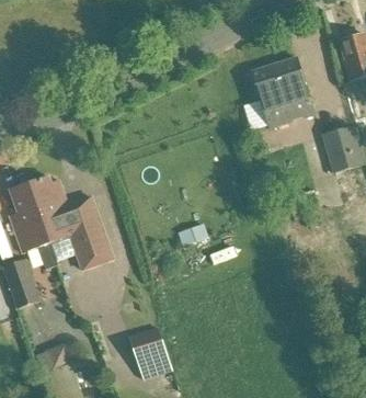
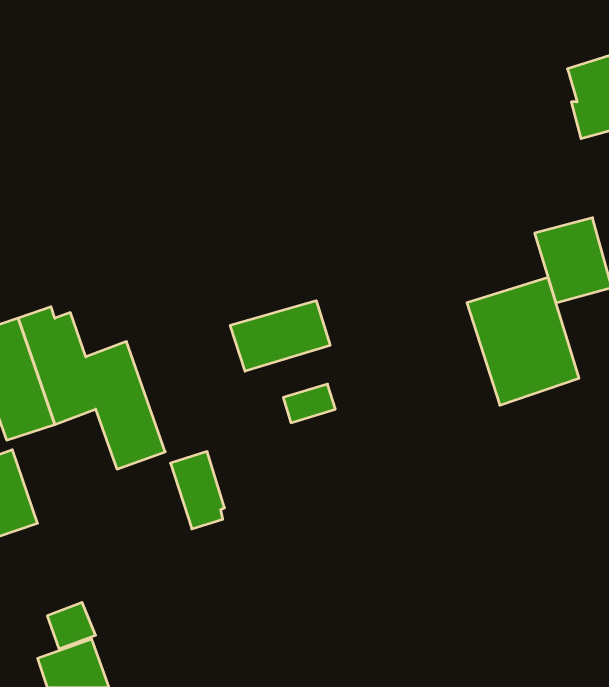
building: [250,57,313,129] -> [467,278,579,405]
building: none -> [230,301,330,371]
building: [134,328,164,372] -> [170,452,225,529]

